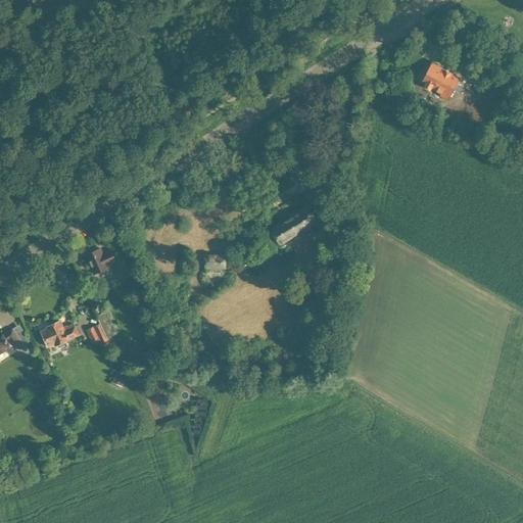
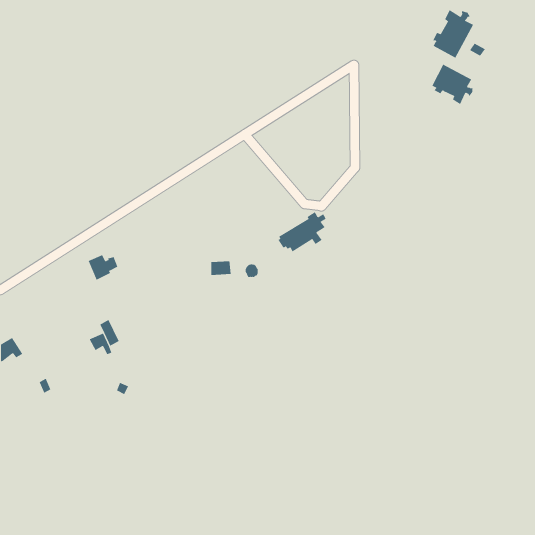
building: none -> [432,9,474,58]
building: [41,321,79,344] -> none

